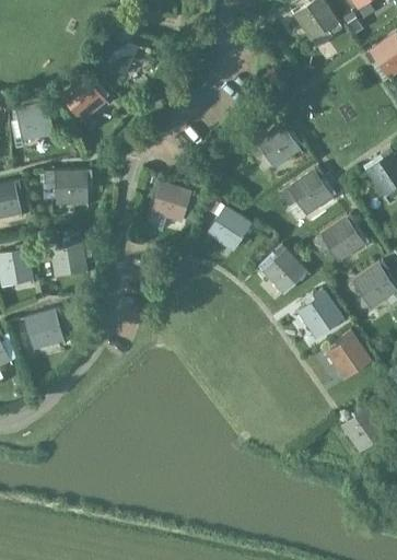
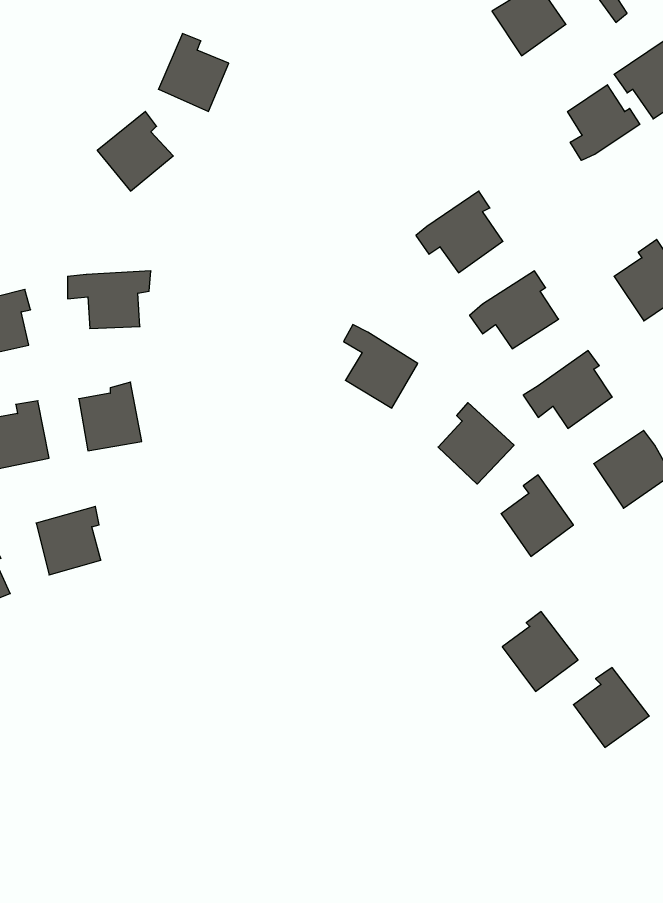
building: none -> [568,85,640,160]
building: [14,103,54,140] -> none
building: [152,180,192,221] -> none
building: [327,332,372,380] -> [502,612,578,691]

